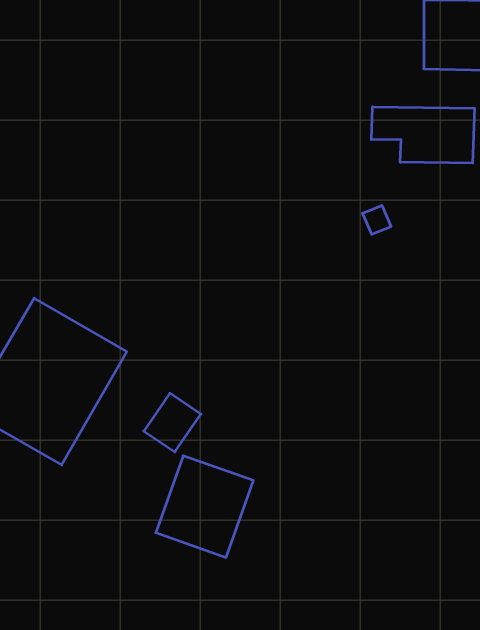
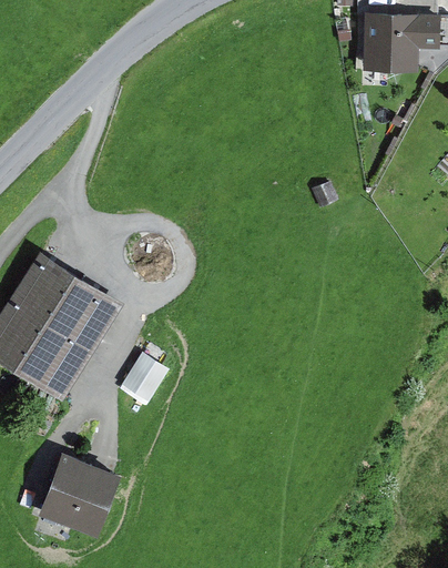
building: [371,107,475,163] -> none
building: [156,456,253,557] -> [39,450,122,537]

